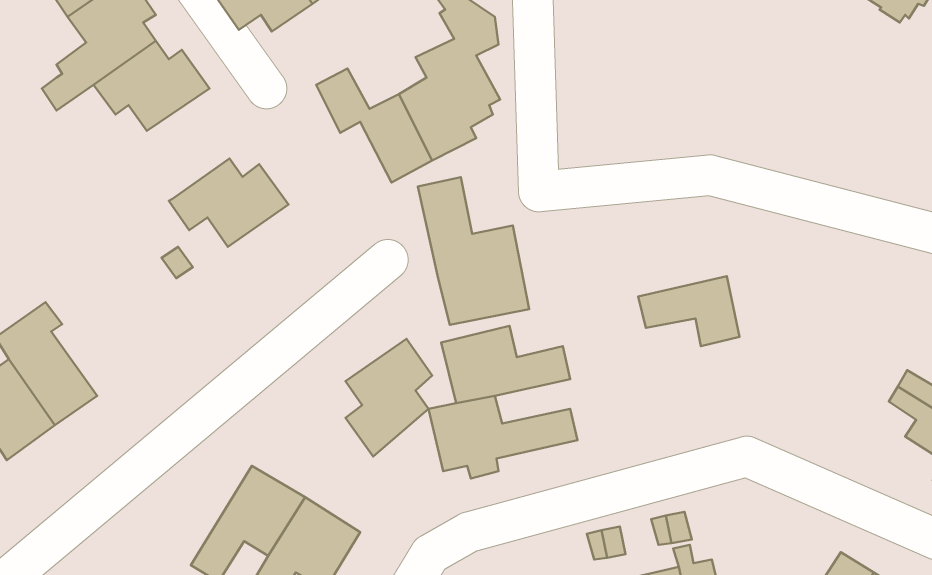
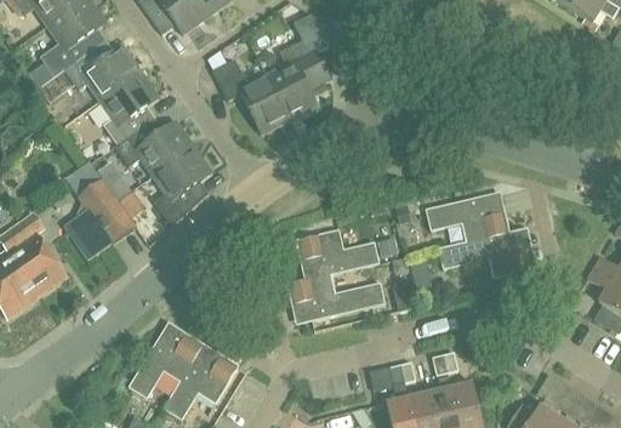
building: none -> [99,72,159,144]
building: [418,177,529,325] -> none
building: none -> [65,160,136,259]
building: none -> [437,227,536,278]
building: [346,339,432,457] -> [153,148,210,226]

